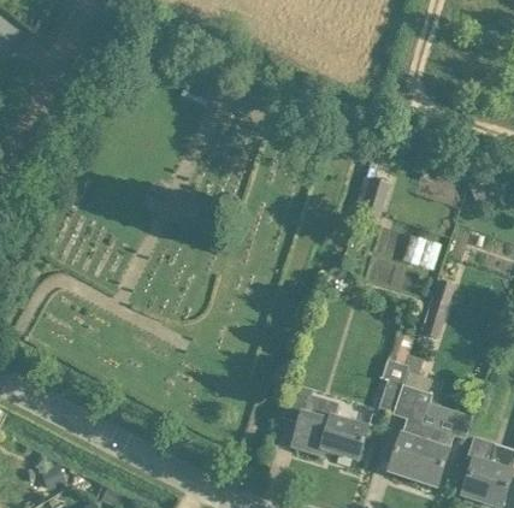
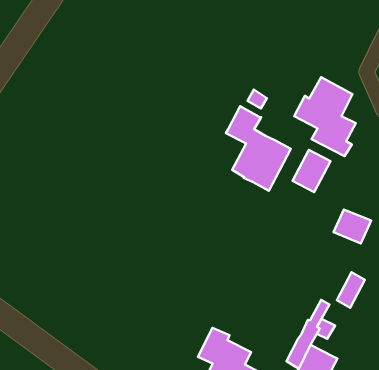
building: none -> [294,77,356,156]
building: none -> [226,106,291,191]

